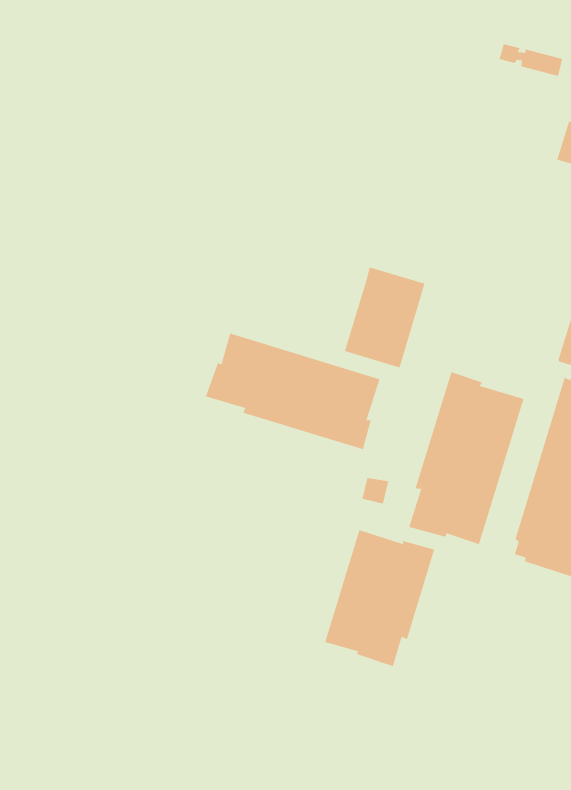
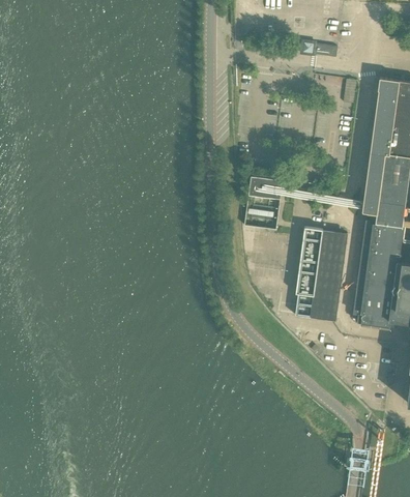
building: [205,332,381,450] -> none
building: [324,529,435,667] -> none

